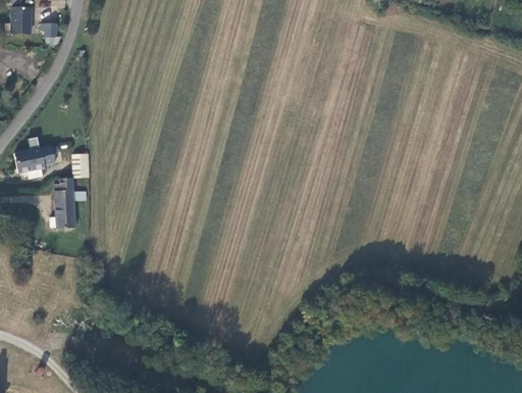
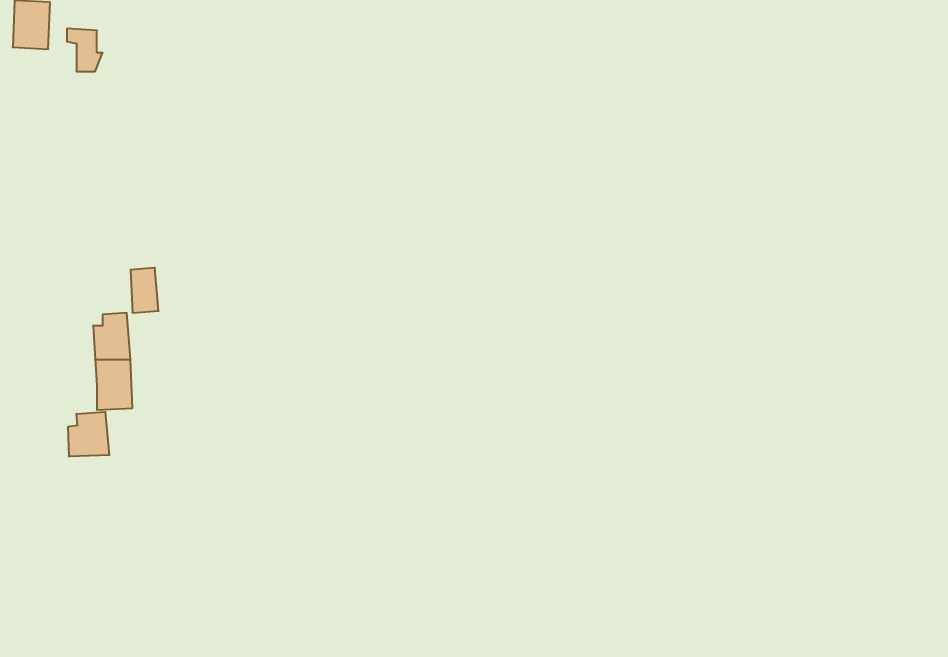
building: [14,144,57,171] -> none
building: none -> [68,412,109,457]

